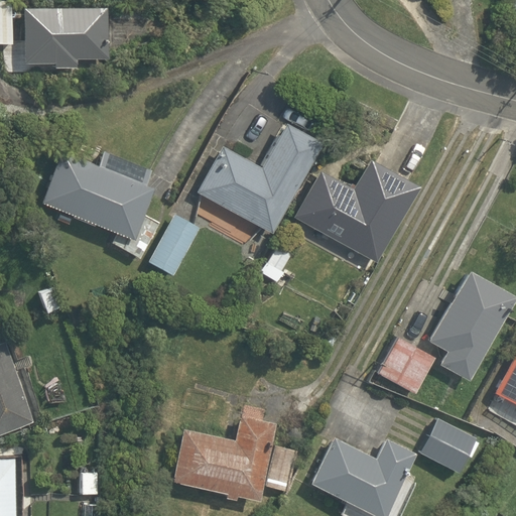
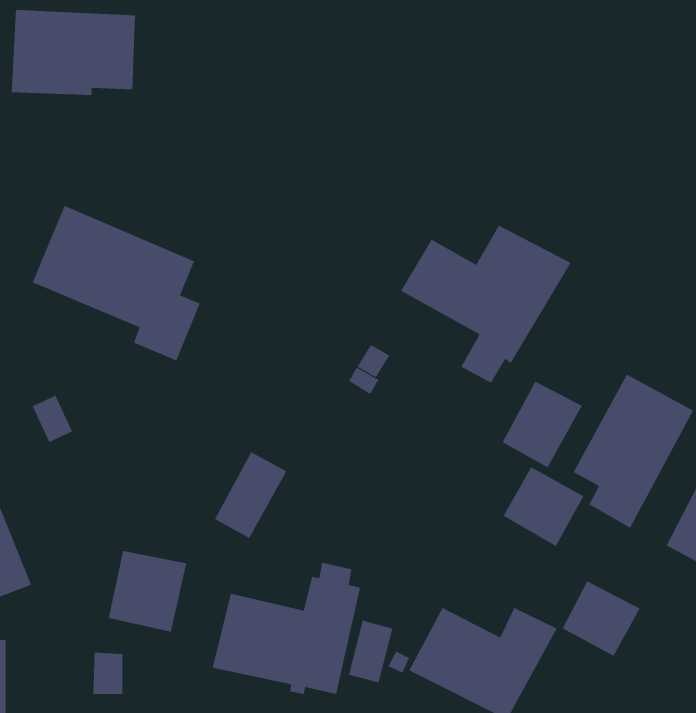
building: [199,126,326,237] -> none
building: [150,216,203,278] -> [214,452,287,539]
building: none -> [502,381,582,468]
building: none -> [108,550,187,633]

